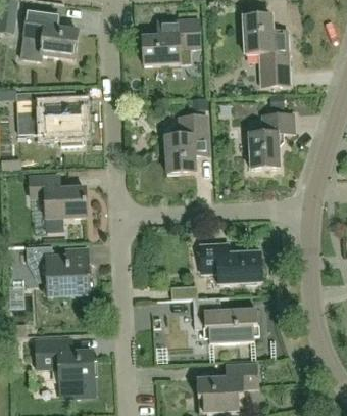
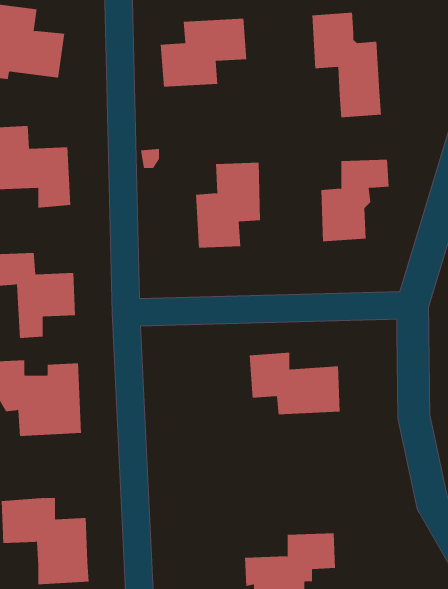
building: [192,296,258,342] -> none

